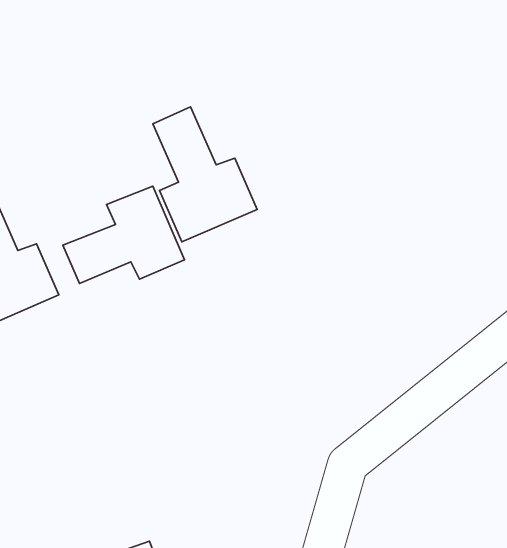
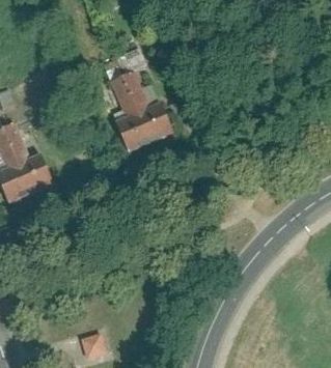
building: [63,186,185,284] -> none

